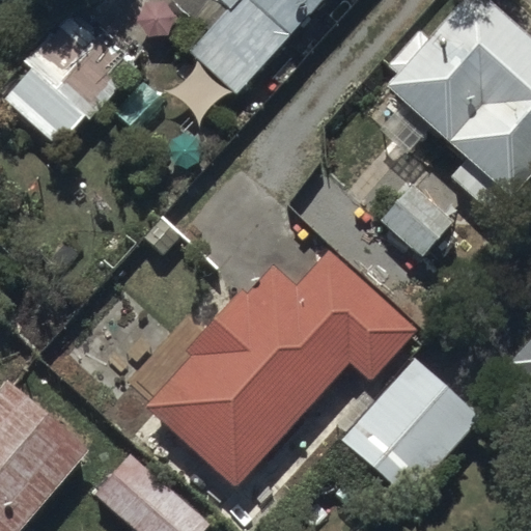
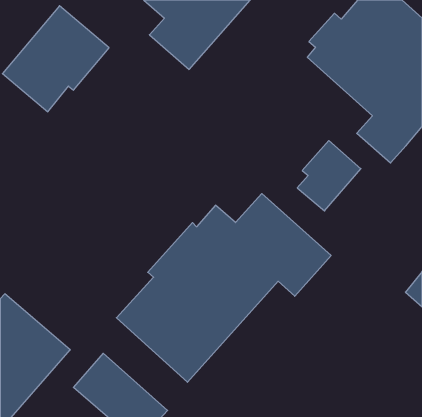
building: [325,357,481,511] -> none

